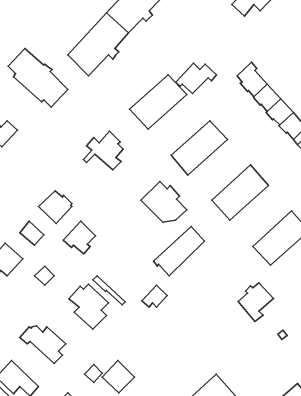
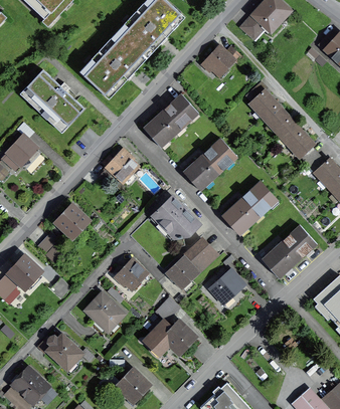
building: [176,63,217,94] -> [202,46,241,75]
building: [63,221,95,254] -> [115,259,146,290]
building: [238,283,274,321] -> [210,269,244,306]
building: none -> [145,321,194,353]

